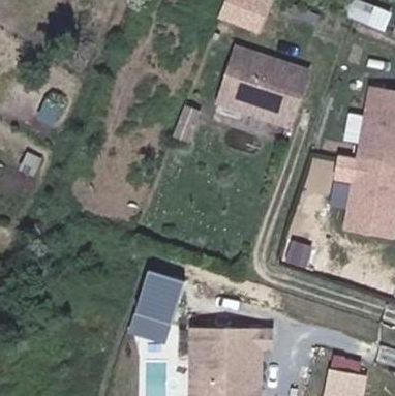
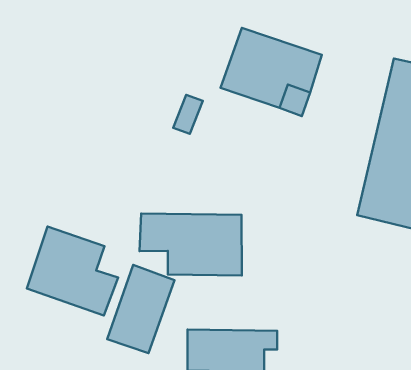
building: none -> [139,213,242,275]
building: none -> [27,226,118,316]

